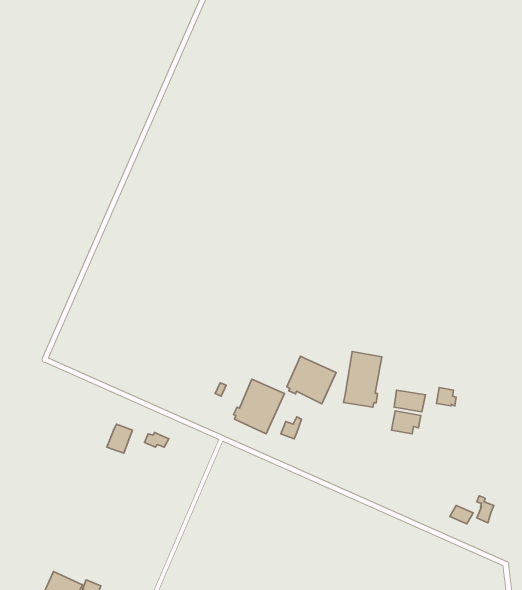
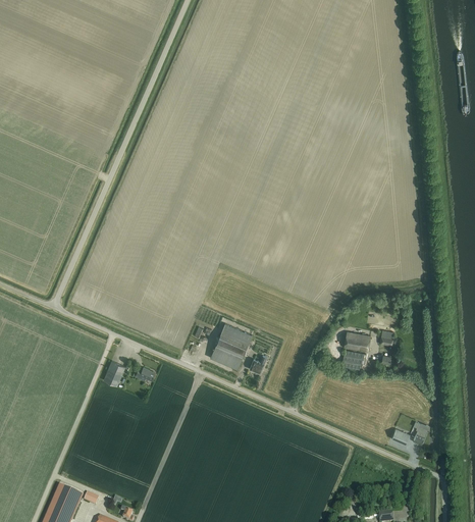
building: [344,352,382,407] -> none
building: [287,356,336,404] -> none

